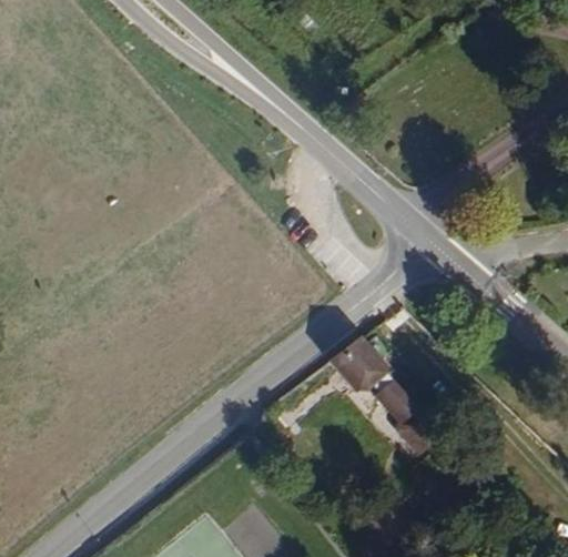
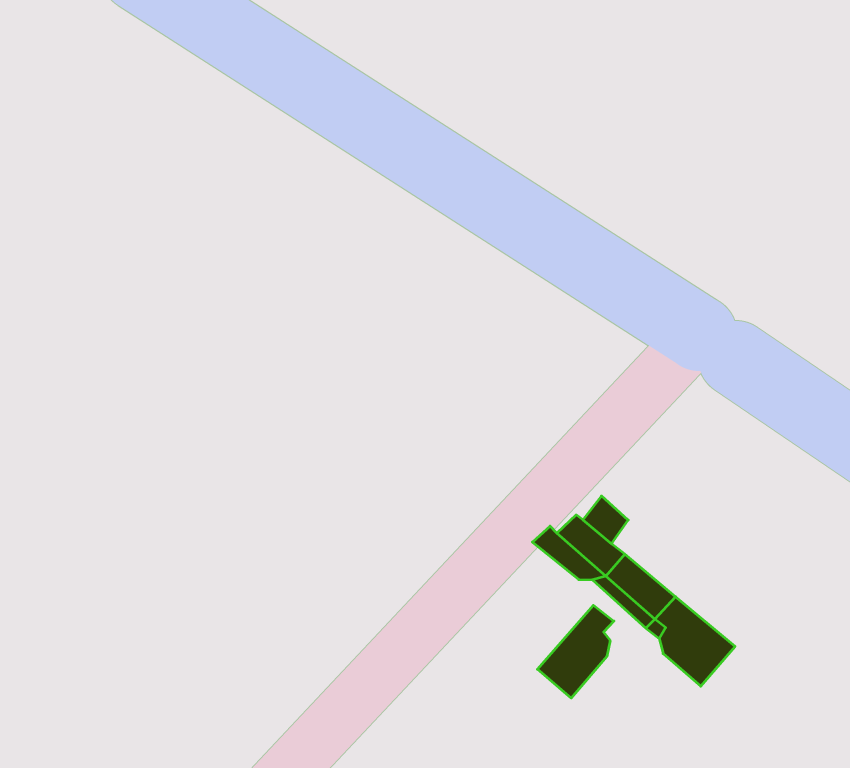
building: none -> [537,605,614,698]

